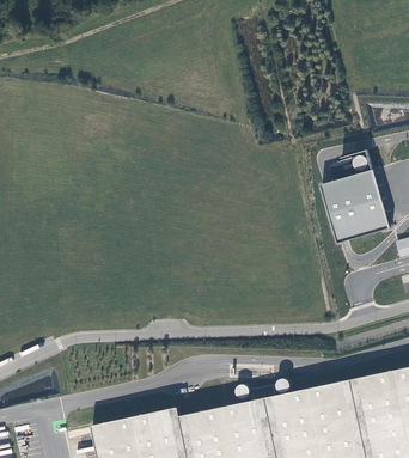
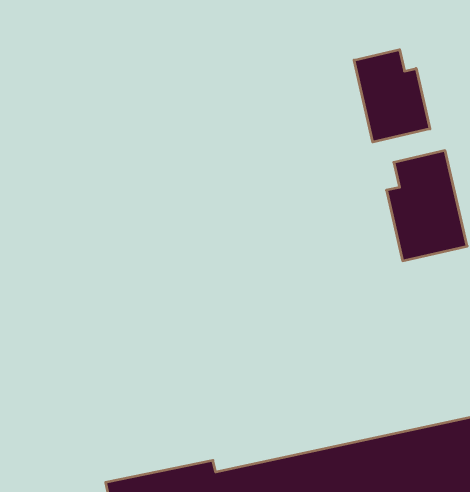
building: none -> [354,50,430,142]

